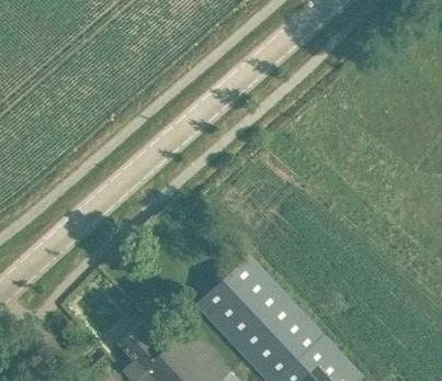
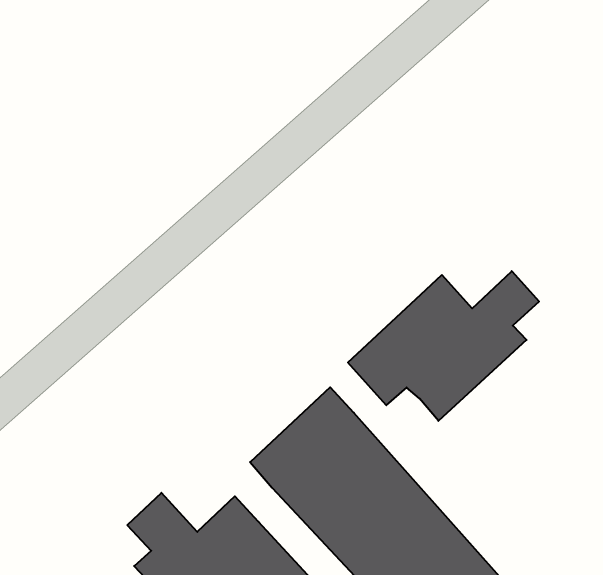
building: none -> [348,271,539,421]

